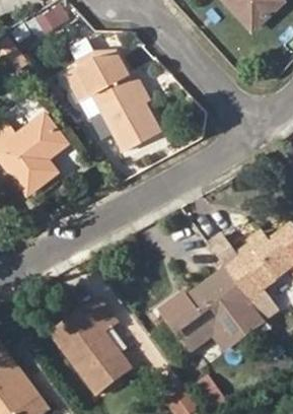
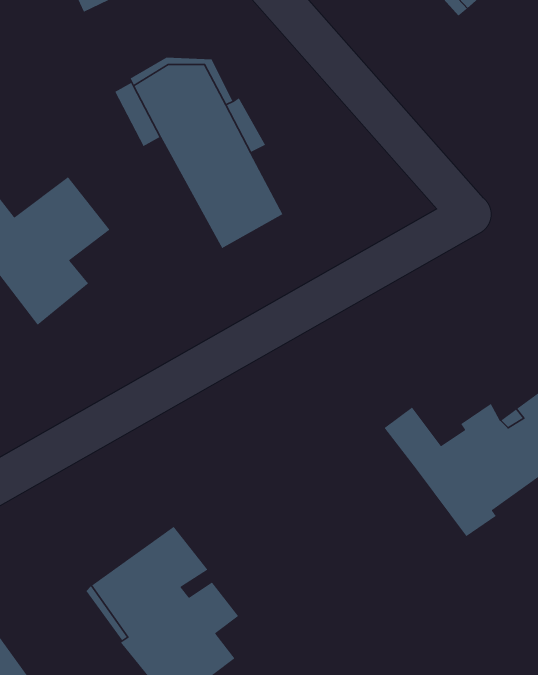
building: [160,268,266,355] -> none

